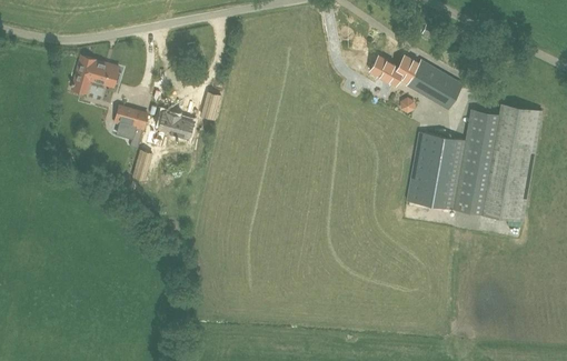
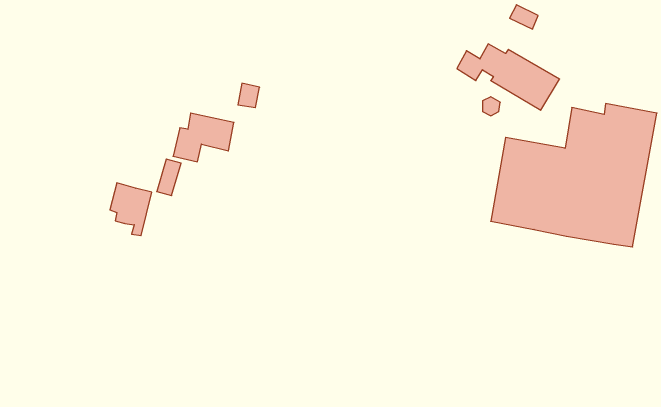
building: [70,54,119,92] -> none
building: [111,106,146,149] -> [110,183,152,236]

